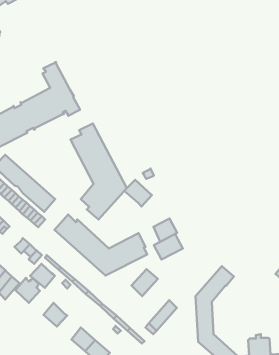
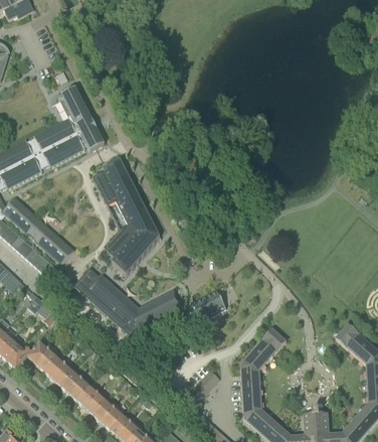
building: [124,180,152,207] -> none
building: [153,219,177,242] -> none
building: [30,264,55,288] -> [43,357,72,386]
building: [132,269,158,296] -> none
building: none -> [76,387,105,415]

